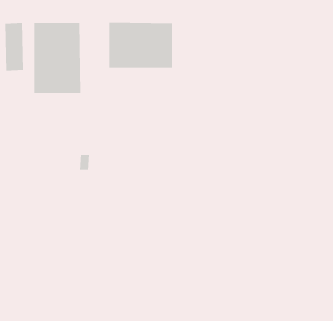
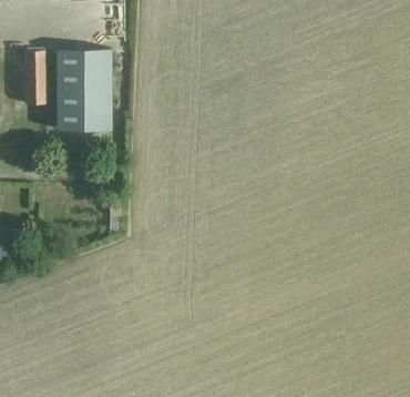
building: [109,22,172,68] -> none

